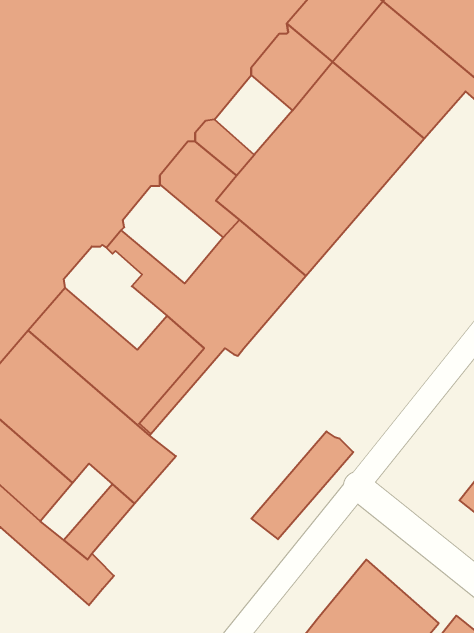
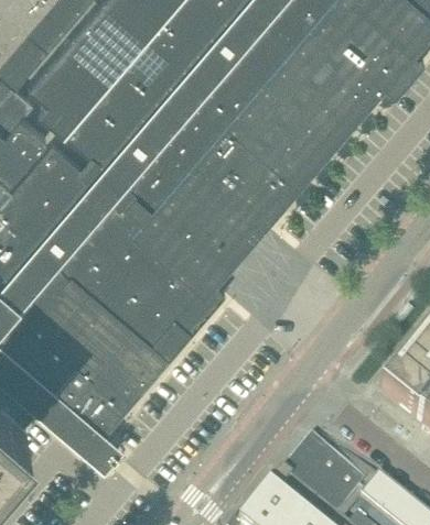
building: none -> [196,74,255,133]
building: none -> [127,155,203,229]
building: none -> [84,200,161,278]
building: [251,431,353,539] -> [148,277,224,358]
building: none -> [66,363,120,420]

